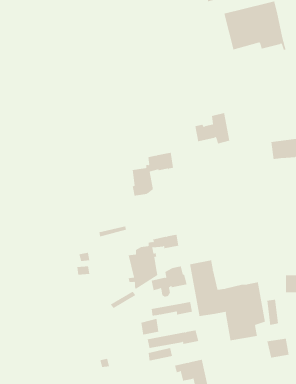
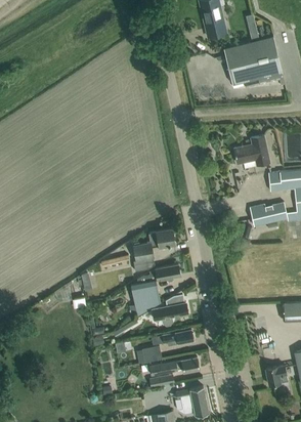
building: [194,113,230,144] -> [234,135,269,166]
building: [132,152,174,196] -> [133,228,174,271]
building: none -> [250,203,288,226]
building: [189,260,266,341] -> none

